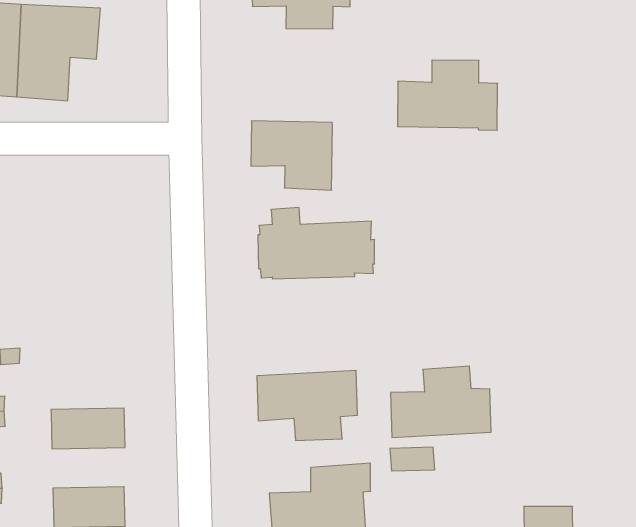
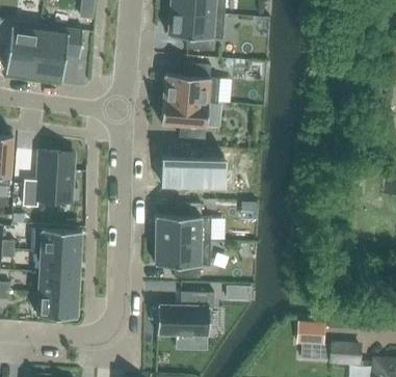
building: [397,60,498,130] -> [163,63,220,105]
building: none -> [23,151,75,207]
building: [391,366,491,437] -> [156,204,212,241]
building: none -> [31,228,82,252]
building: none -> [38,272,80,296]

